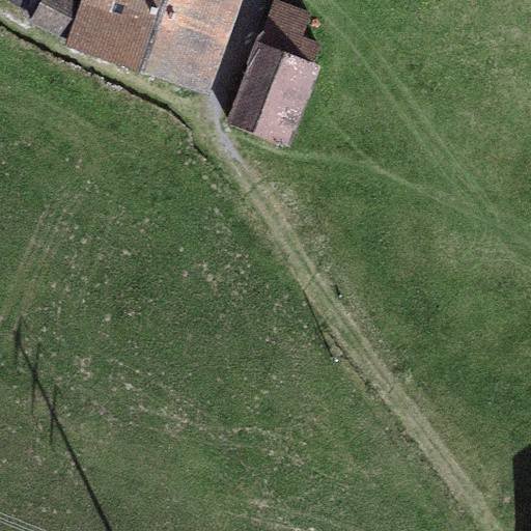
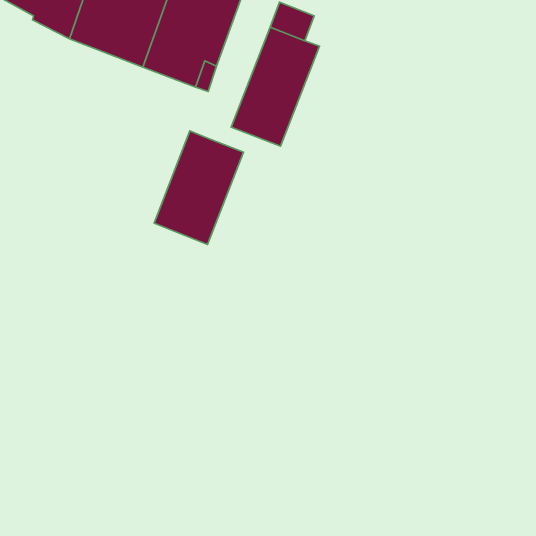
building: none -> [154,131,244,244]

